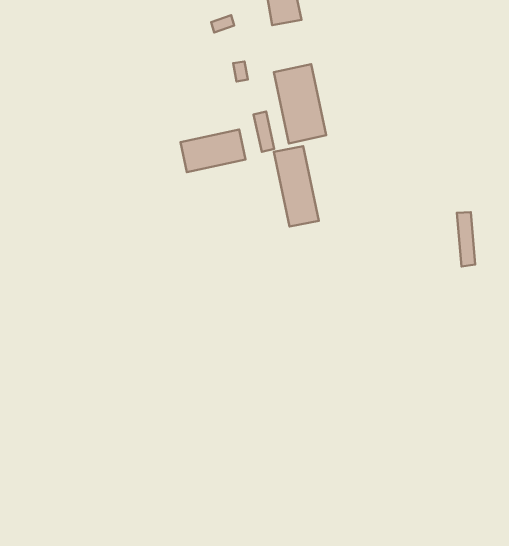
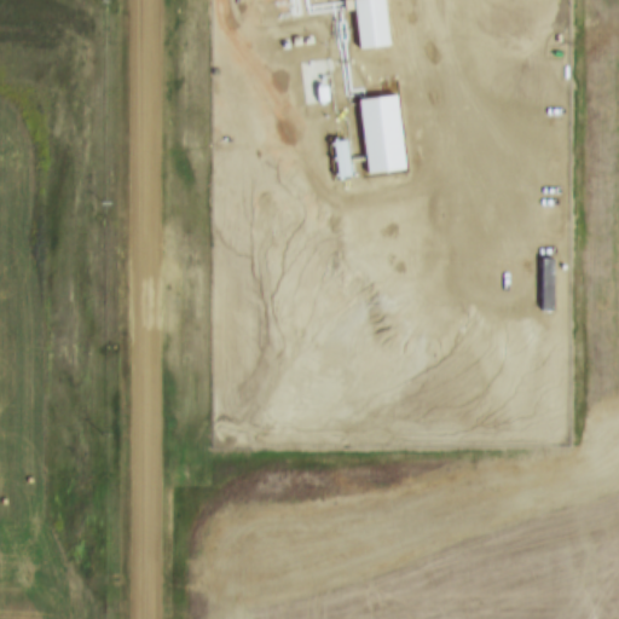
building: [180,129,246,172] -> none
building: [274,146,319,227] -> none

